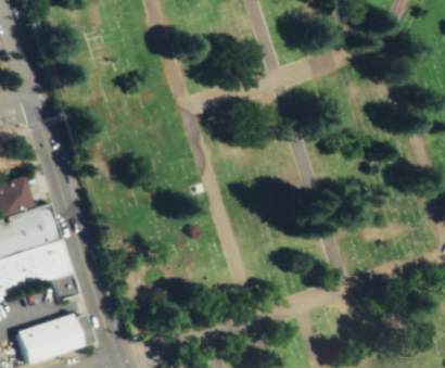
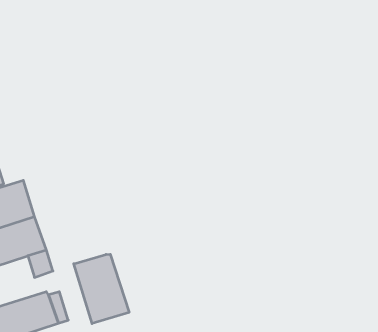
building: none -> [74,254,129,324]

